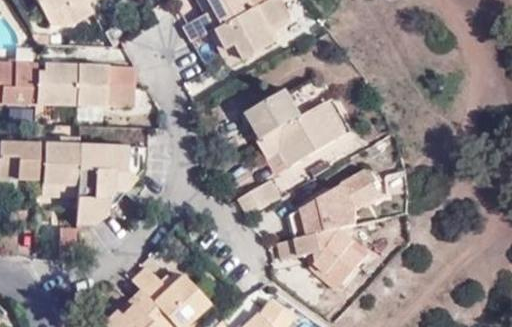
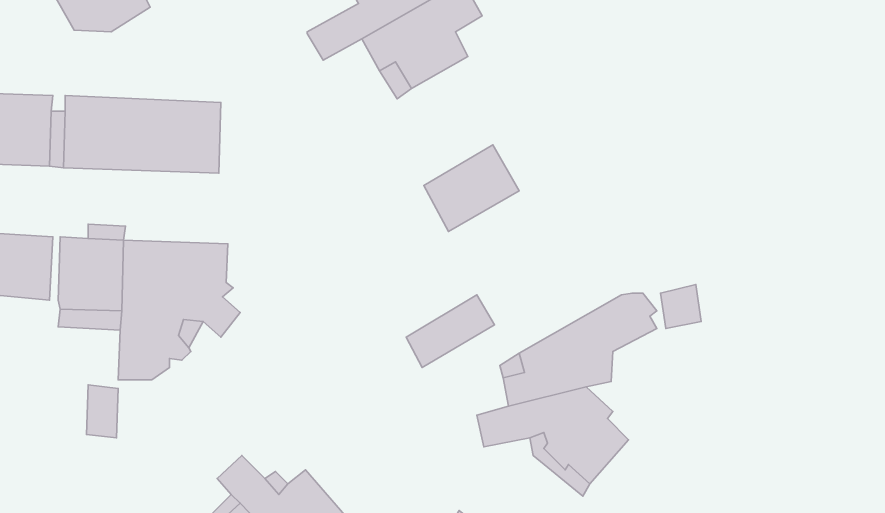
building: [259,98,356,166] -> none

